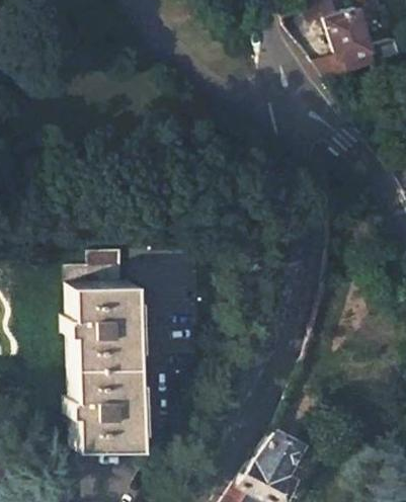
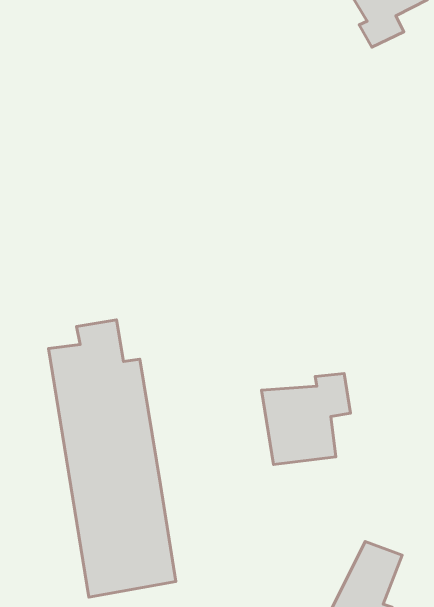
building: none -> [261,374,351,465]

